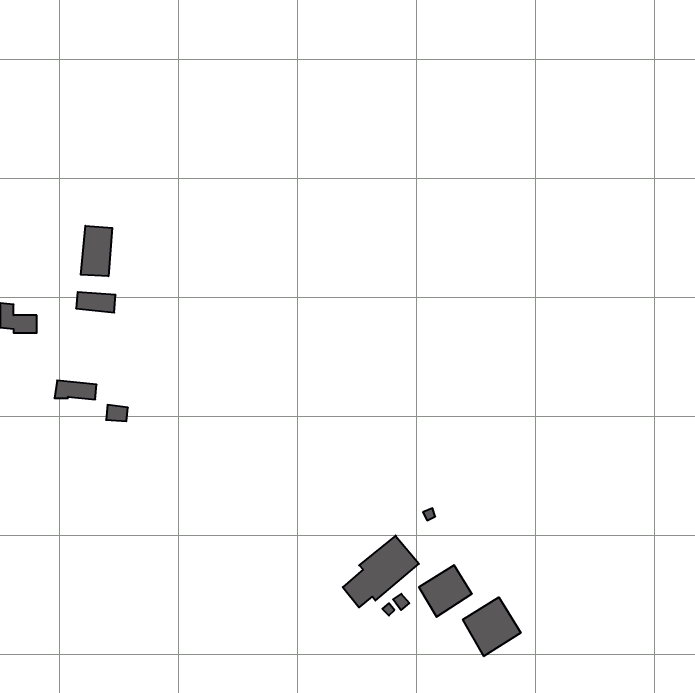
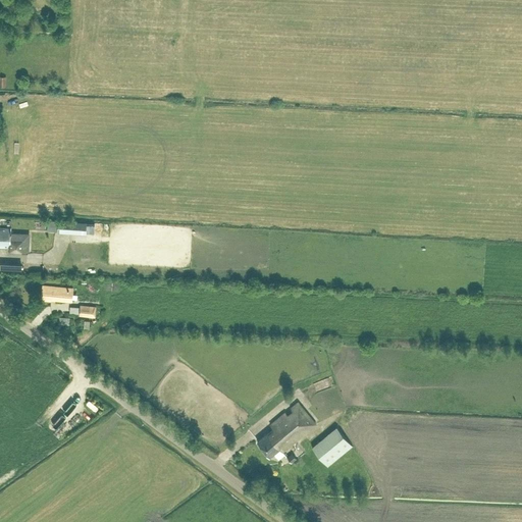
building: [81,226,112,276] -> none
building: [463,597,521,656] -> none

